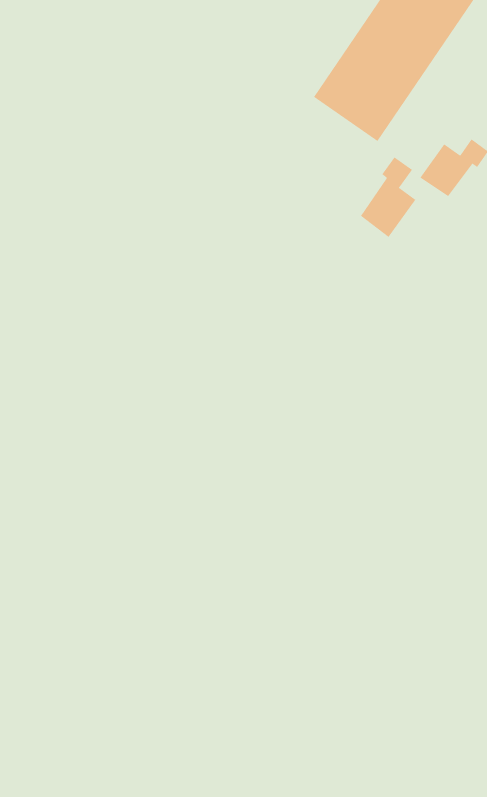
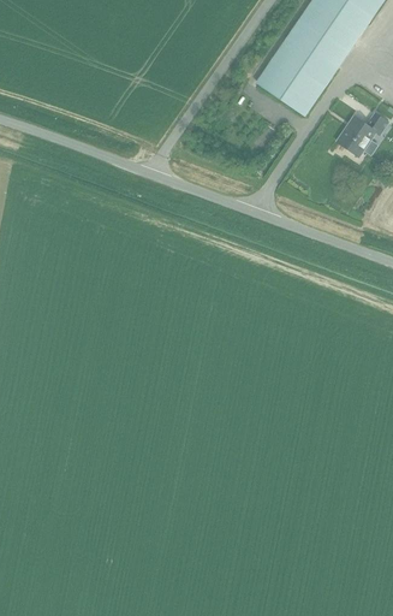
building: [360,157,416,238] -> none

